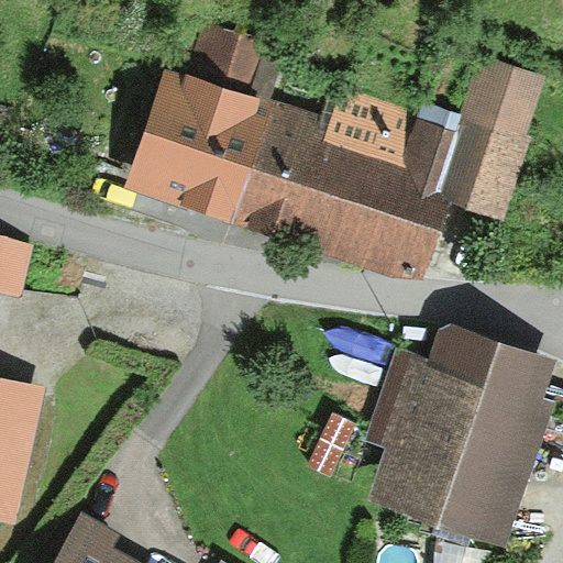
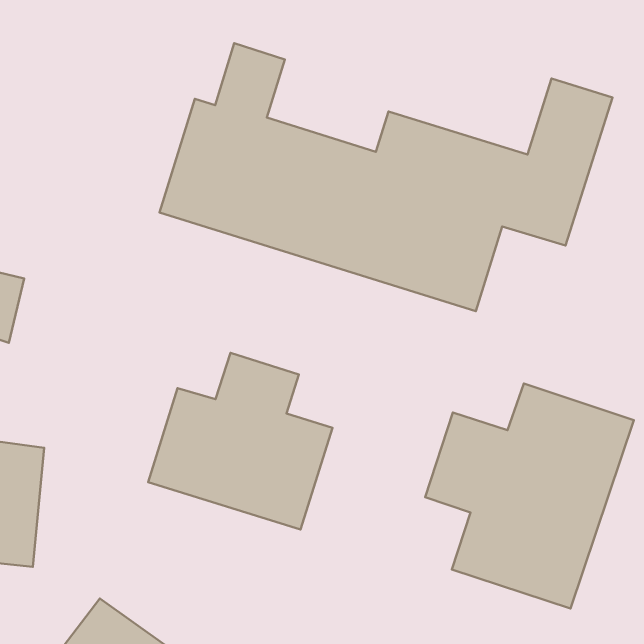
building: none -> [148,353,333,529]

